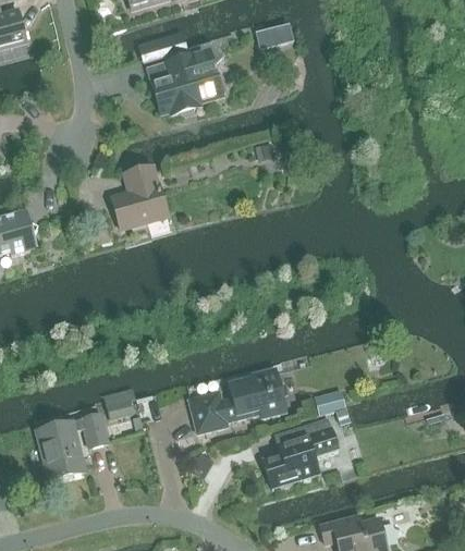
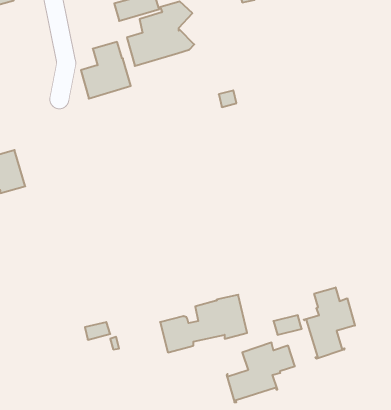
building: [111,166,167,229] -> [81,42,131,99]
building: none -> [304,287,355,359]
building: [37,413,108,480] -> none

